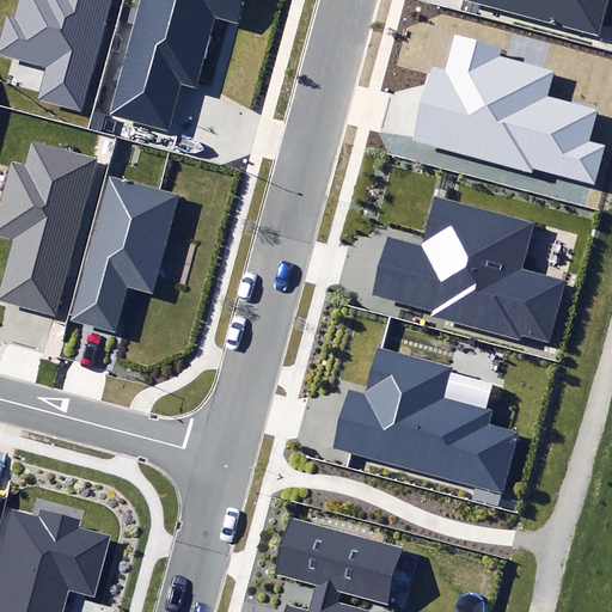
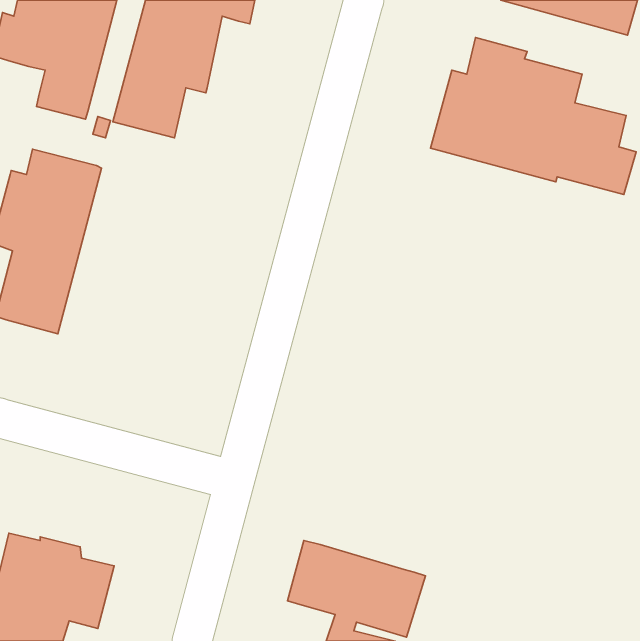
building: [71,177,180,332] -> none
building: [368,198,563,342] -> none
building: [333,348,518,491] -> none

